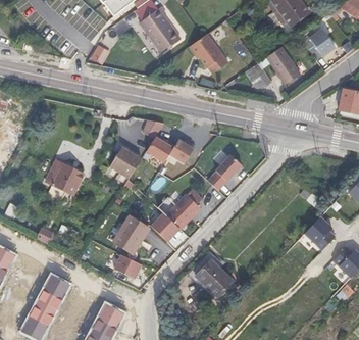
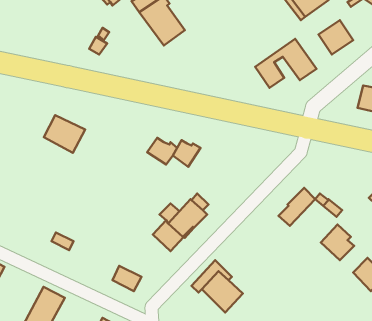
building: [190,33,228,72] -> none
building: [109,147,141,179] -> none
building: [207,155,241,190] -> [279,188,315,226]
building: [46,160,84,195] -> [44,115,85,153]
building: [112,213,151,255] -> none

